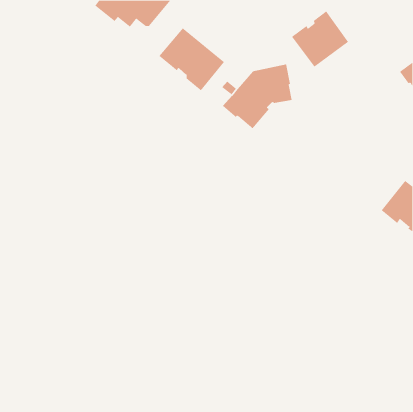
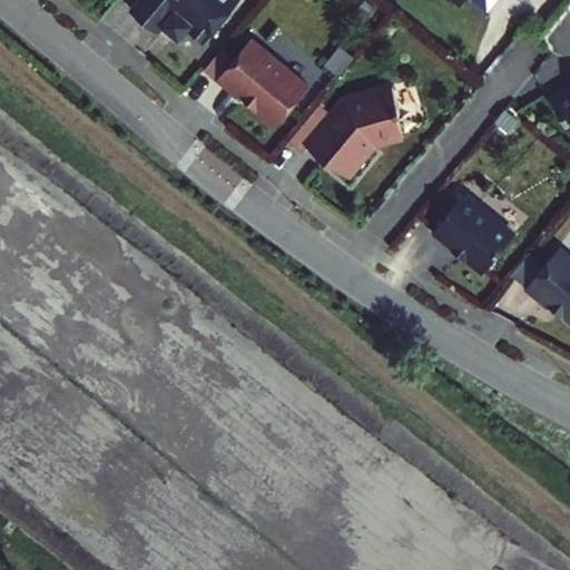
building: [291,11,349,67] -> none
building: none -> [433,195,513,273]

